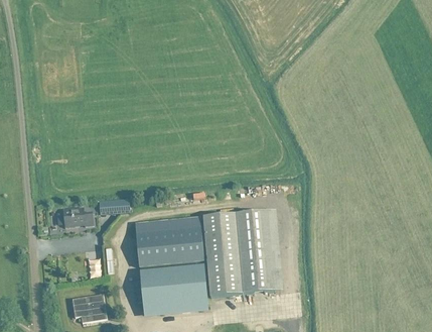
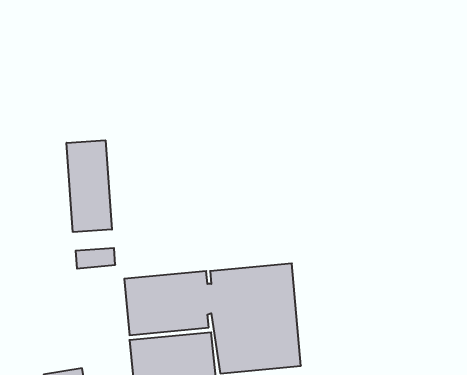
building: none -> [67,140,112,232]
building: [55,208,94,226] -> none

